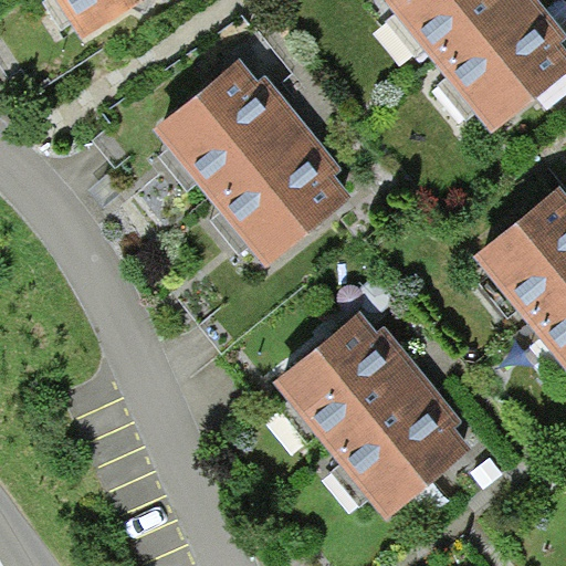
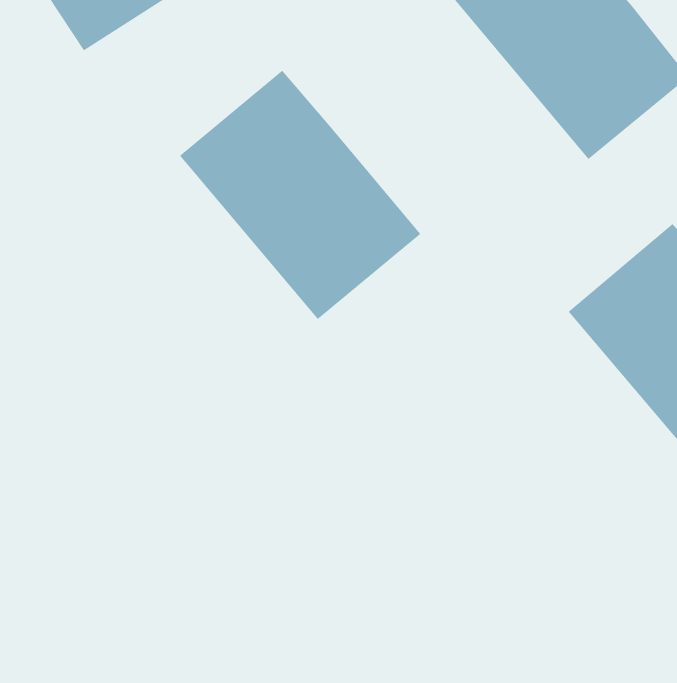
building: [275,310,476,516] -> none

